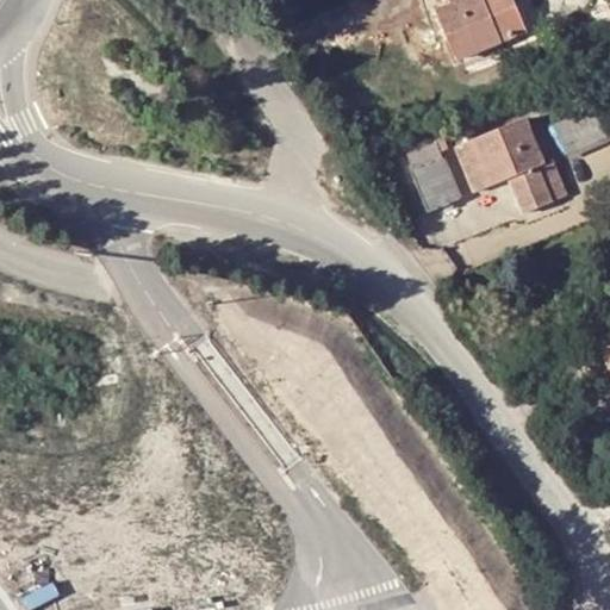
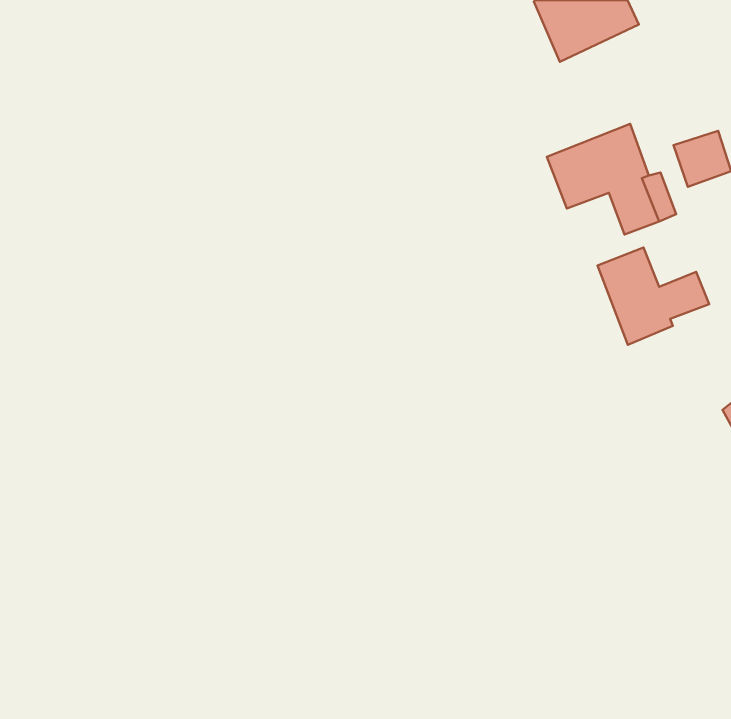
building: [410,139,458,207] -> none
building: none -> [597,248,709,345]

